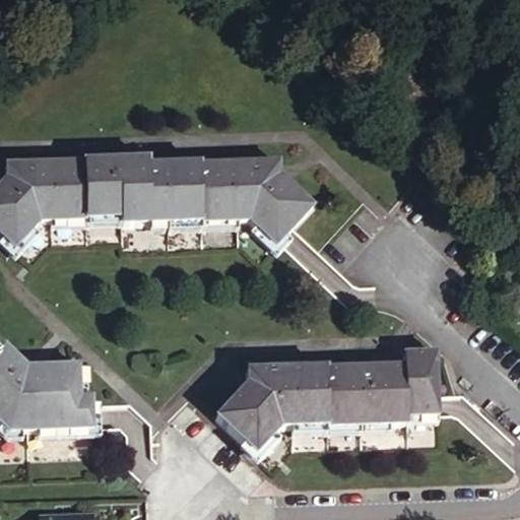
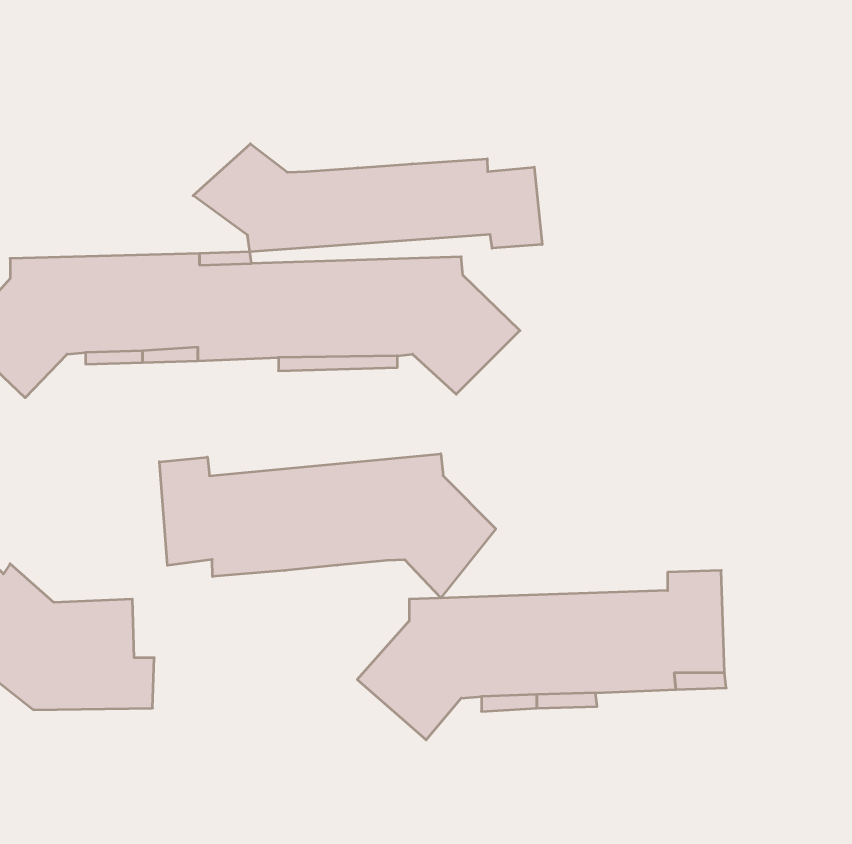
building: none -> [193,144,542,252]
building: none -> [159,454,496,598]

